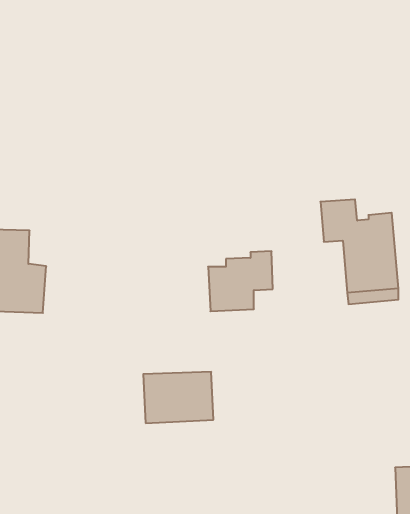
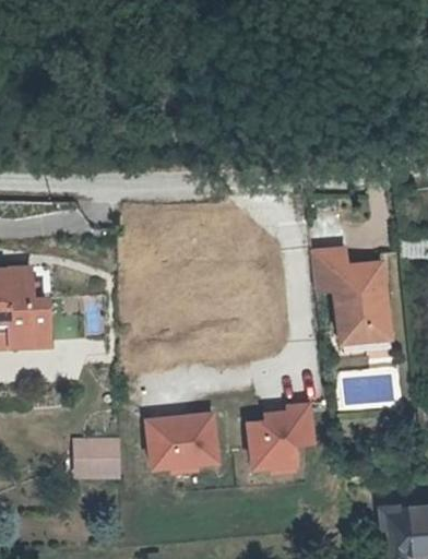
building: [208,251,273,311] -> [255,404,319,463]
building: none -> [80,437,128,472]

